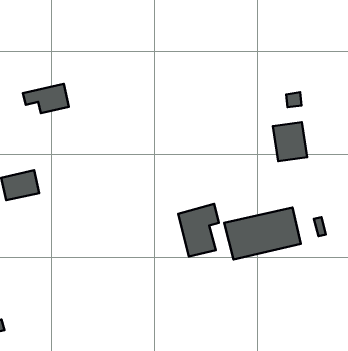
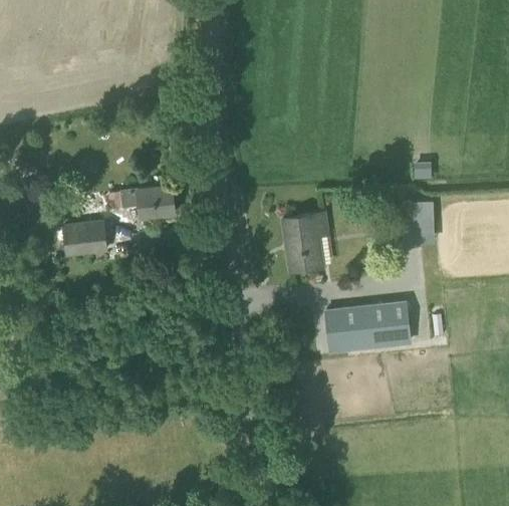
building: [23,84,69,113] -> [120,186,174,218]
building: [178,204,219,256] -> [282,212,329,271]

